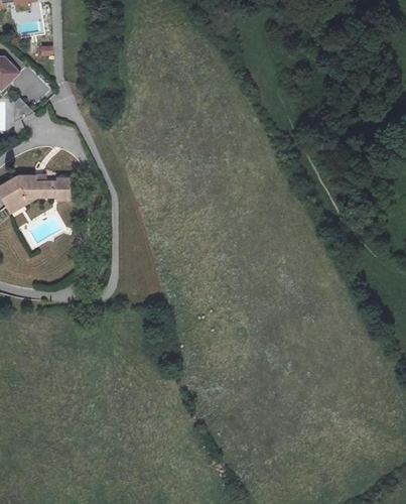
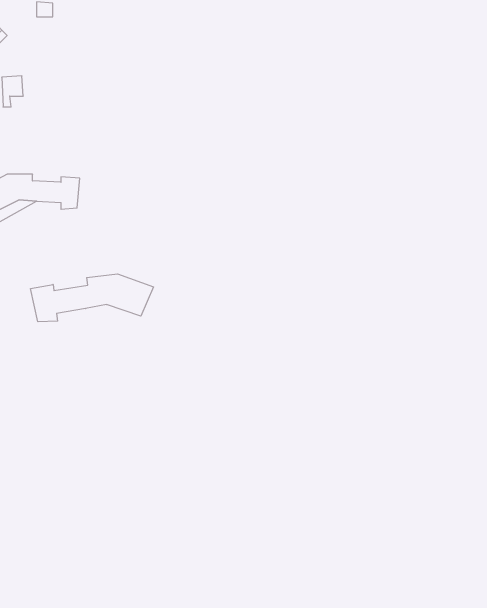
building: none -> [31,274,154,322]

